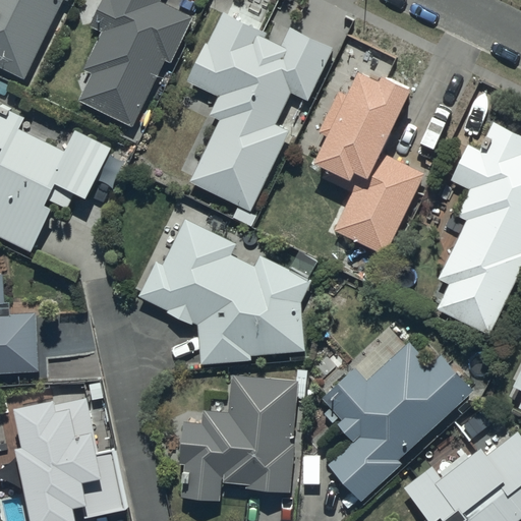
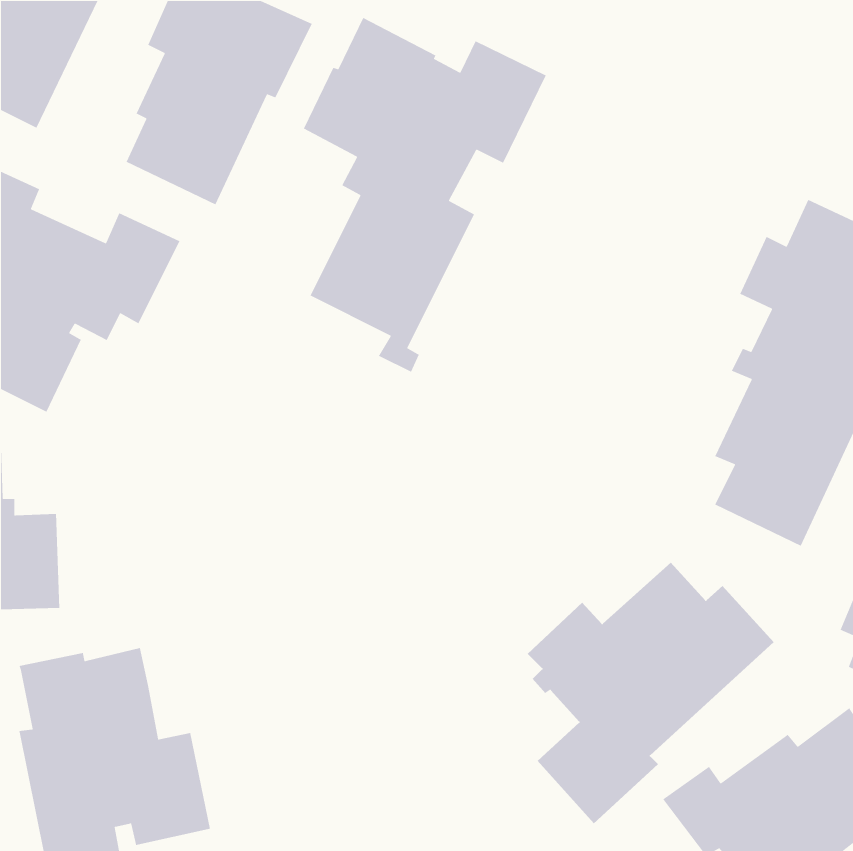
building: [311,70,422,255] -> none
building: [137,219,310,365] -> none
building: [178,370,309,500] -> none

